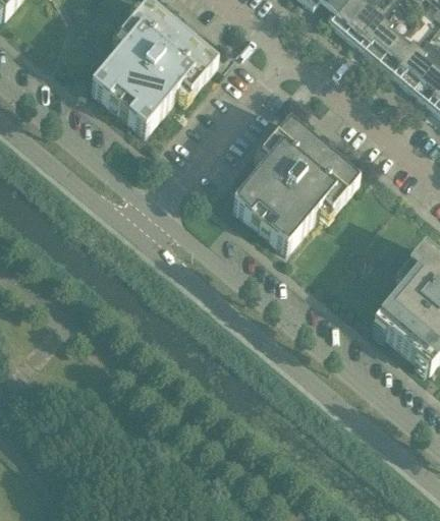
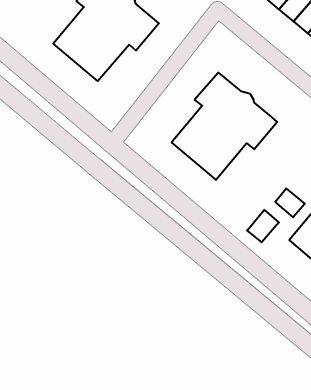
building: none -> [275,188,305,217]
building: none -> [247,210,279,242]

